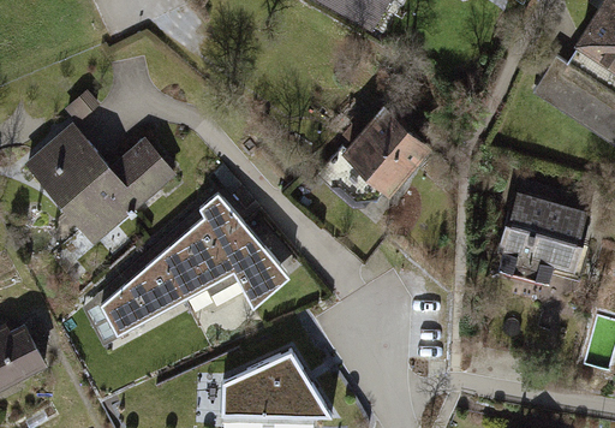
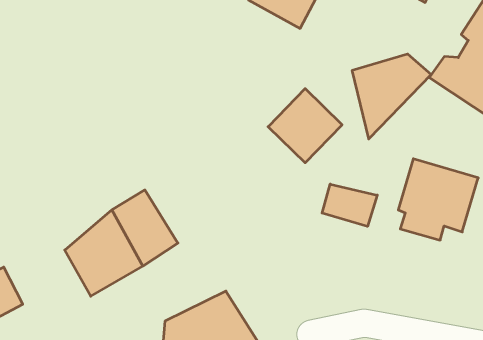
building: none -> [352,54,431,139]
building: [24,119,172,239] -> none
building: [190,192,294,320] -> none
building: none -> [322,184,377,226]

